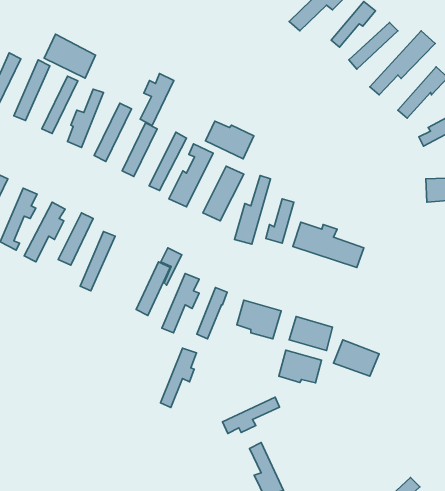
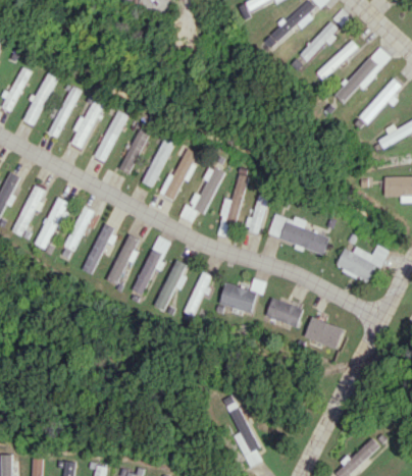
building: [44,34,95,78] -> none
building: [140,73,174,125] -> none
building: [205,121,254,159] -> none
building: none -> [336,245,390,282]
building: [160,348,197,408] -> [108,233,140,285]
building: [279,350,322,383] -> none
building: [222,397,279,434] -> none

